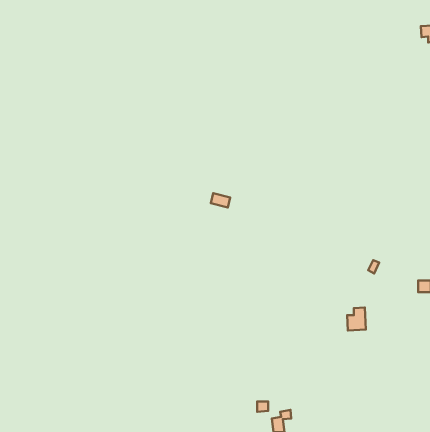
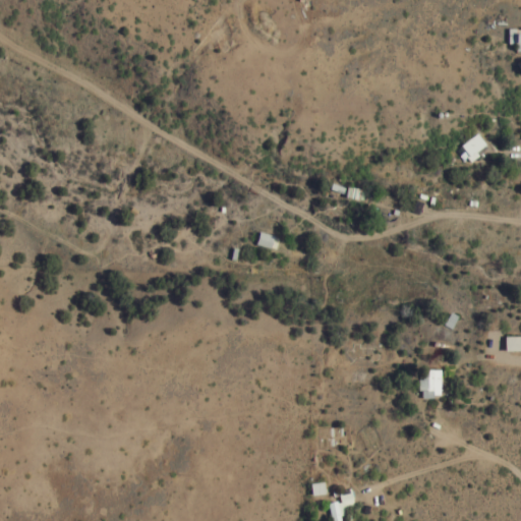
building: none -> [461,133,487,162]

